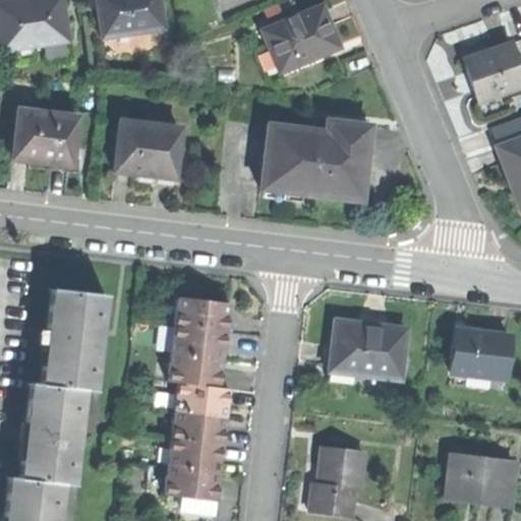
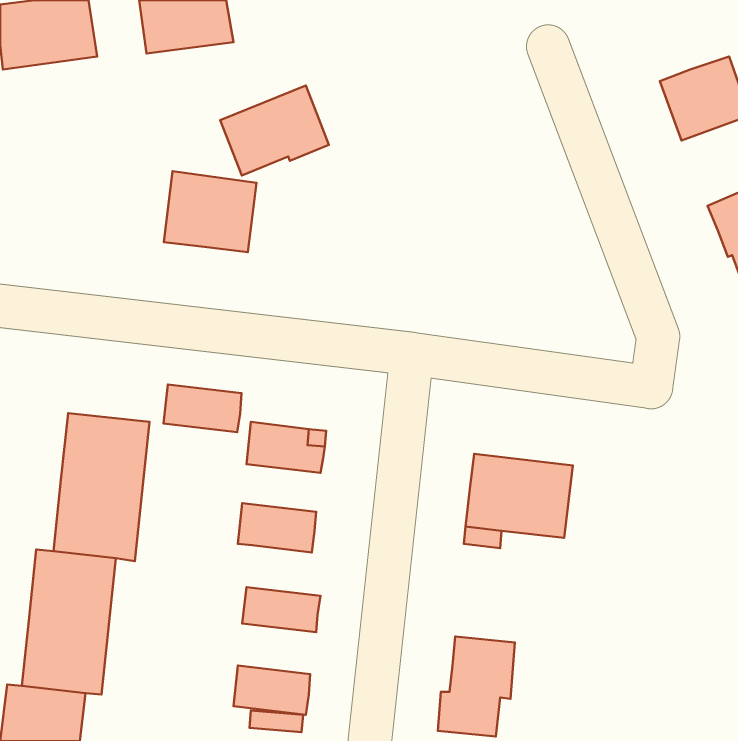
building: [266,7,342,70] -> [220,86,329,175]
building: [14,110,78,166] -> none
building: [263,120,371,201] -> none
building: [172,326,227,359] -> [163,384,242,432]
building: [452,330,510,379] -> none
building: [175,383,230,418] -> none
building: [169,438,224,473] -> none
building: [447,455,516,507] -> none

